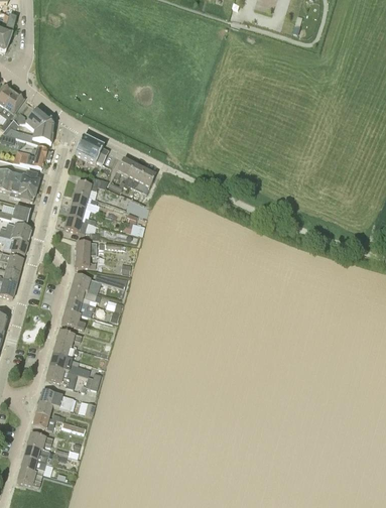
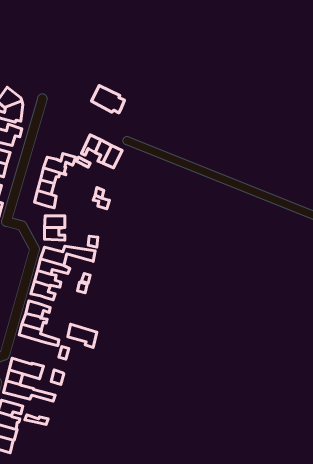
building: [74,135,108,163] -> [91,86,125,113]
building: [45,364,76,388] -> [68,324,97,348]

